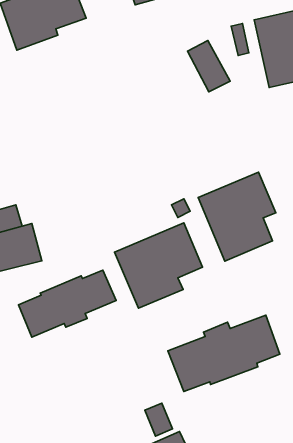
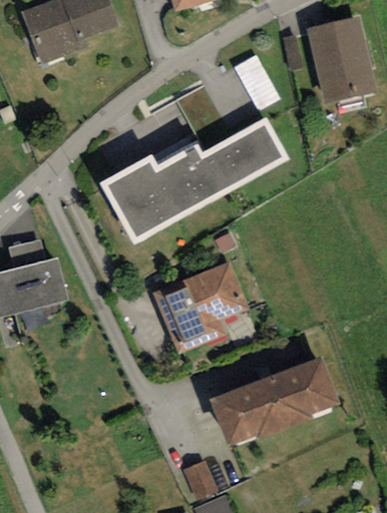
building: none -> [98,114,292,247]
building: [198,172,276,261] -> none
building: [19,270,116,337] -> none

